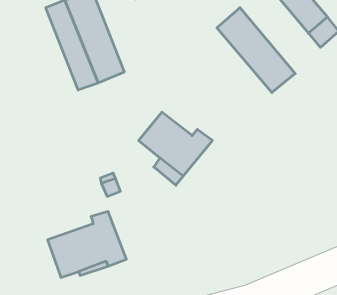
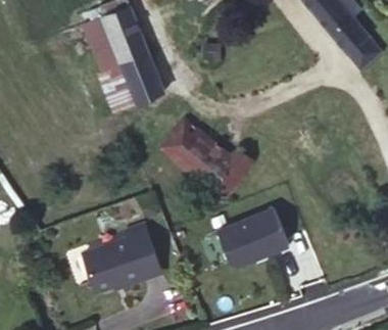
building: [217,8,295,93] -> none
building: none -> [160,117,200,159]
building: none -> [215,206,288,272]

